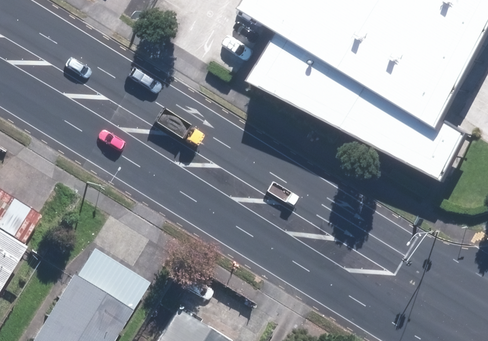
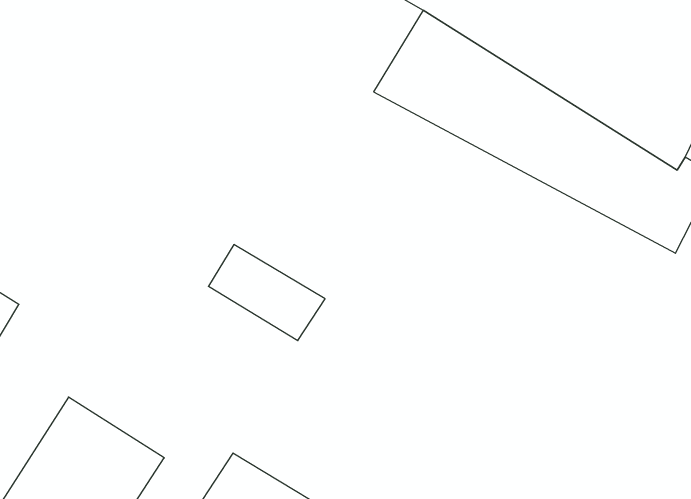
building: [61,246,134,306] -> [208,245,325,341]

